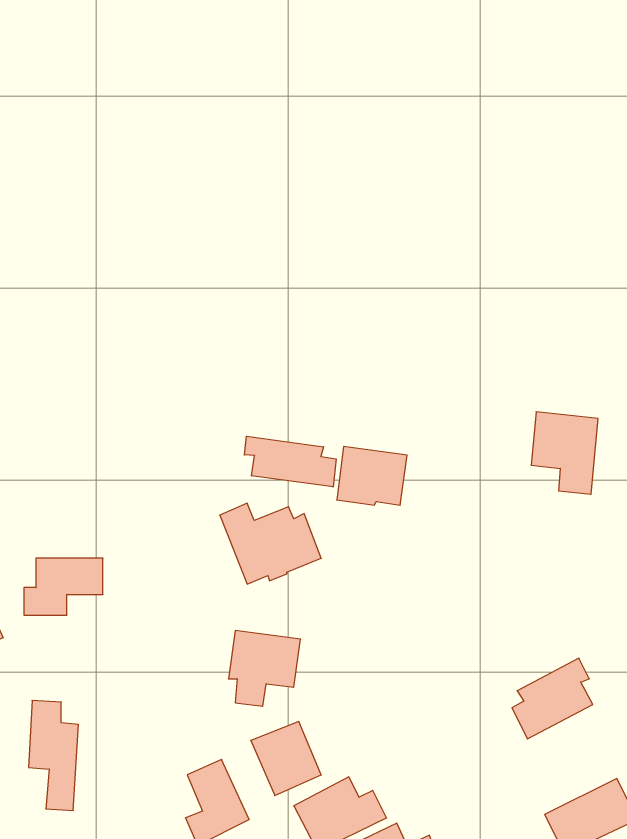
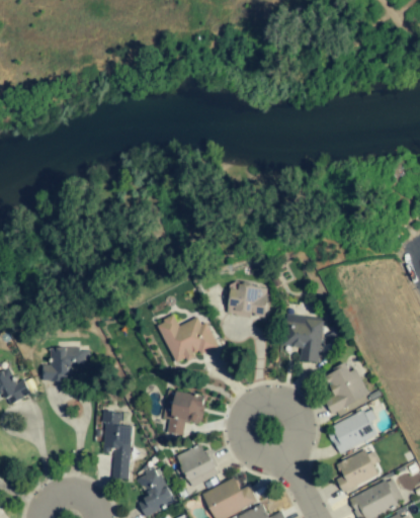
building: [531,412,598,494] -> [284,314,324,362]
building: [244,436,336,487] -> none
building: none -> [324,363,370,414]
building: [29,700,78,810] -> [103,412,133,477]
building: none -> [337,448,380,493]

